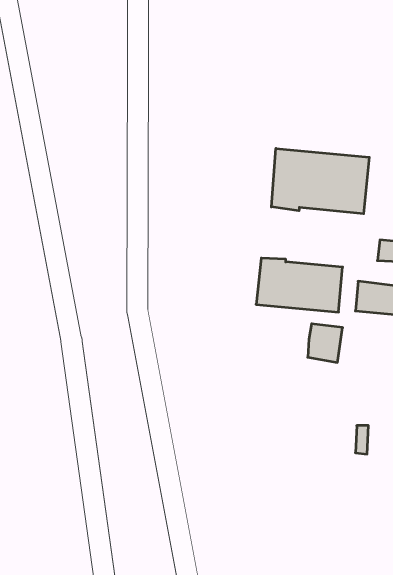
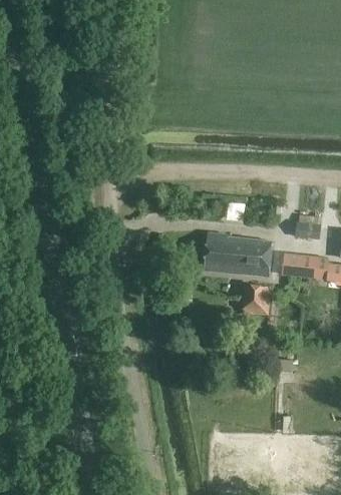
building: [271,148,369,214] -> none

